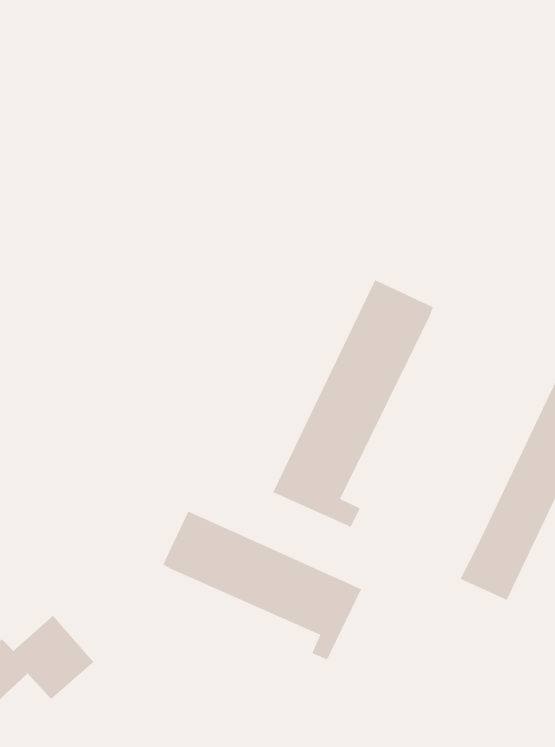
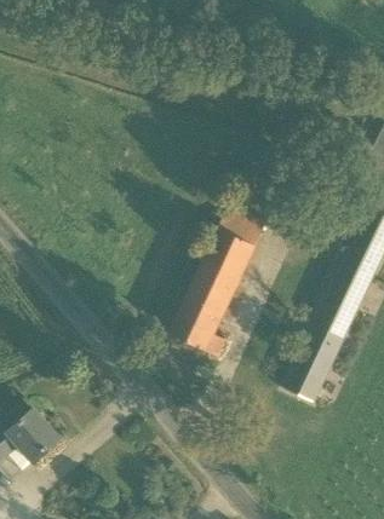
building: [162,510,362,661] -> none

